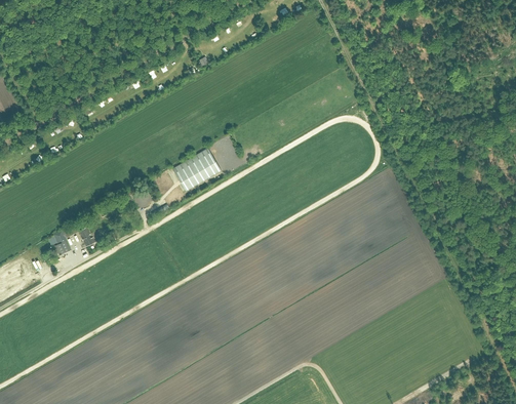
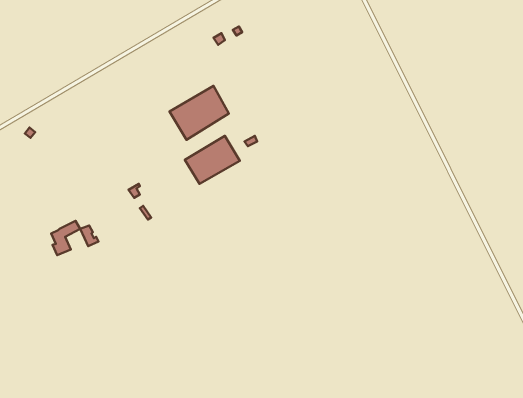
building: none -> [170,86,229,140]

